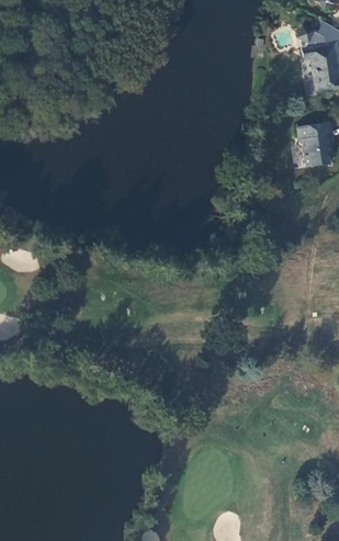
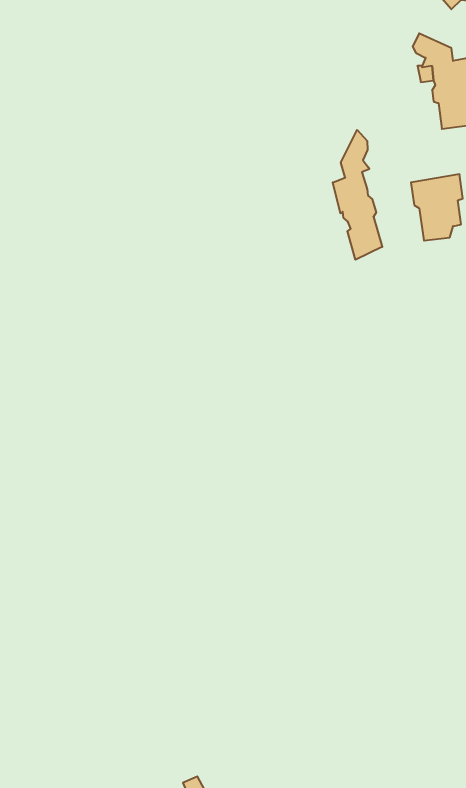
building: none -> [333,130,382,260]

